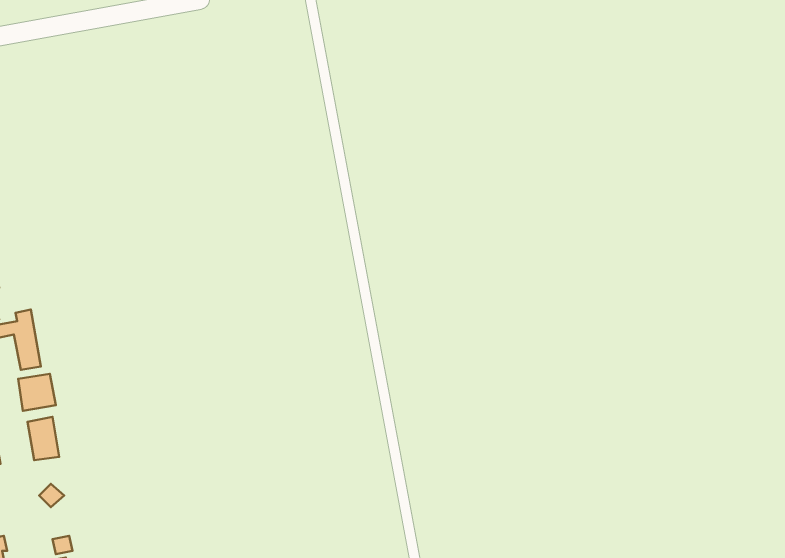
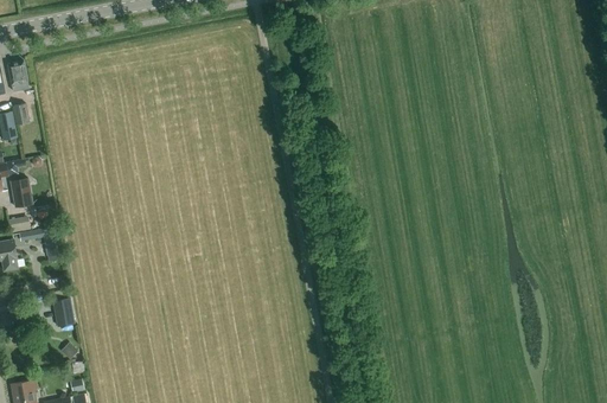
building: [18,374,56,411] -> none

